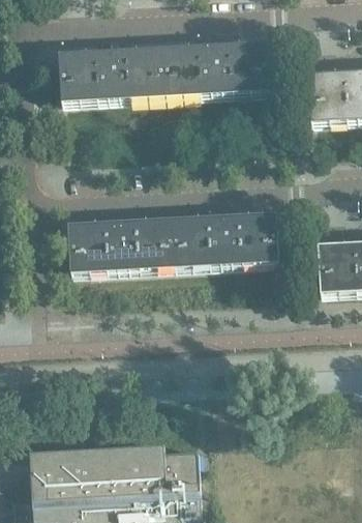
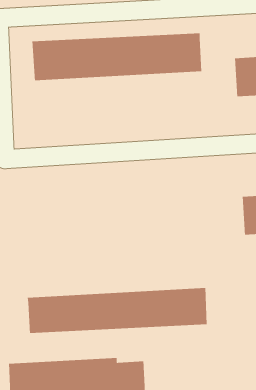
building: [68,212,279,272] -> none
building: none -> [27,287,208,334]

